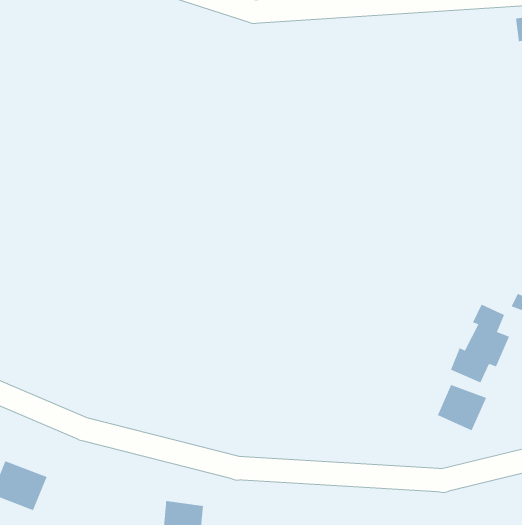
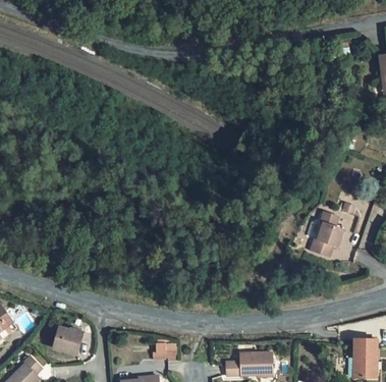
building: [437,384,487,431] -> none

